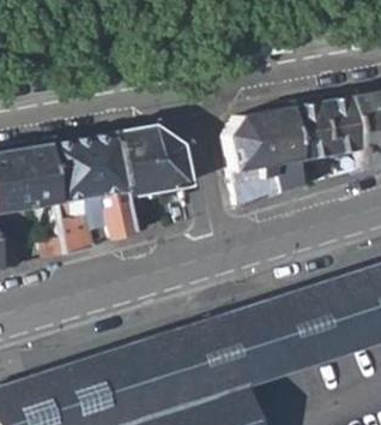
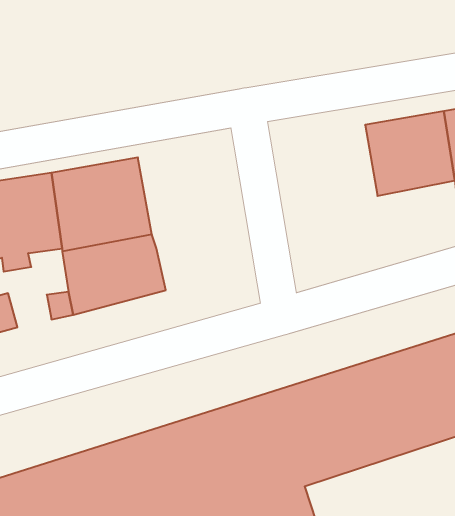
building: [229,104,307,204] -> none
building: [117,122,191,200] -> none

